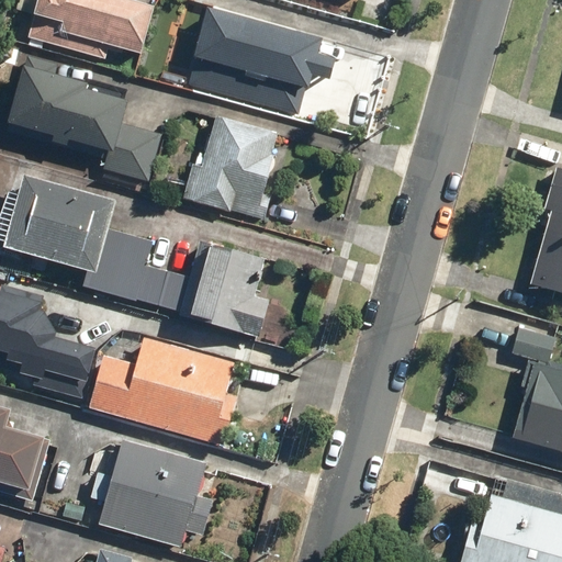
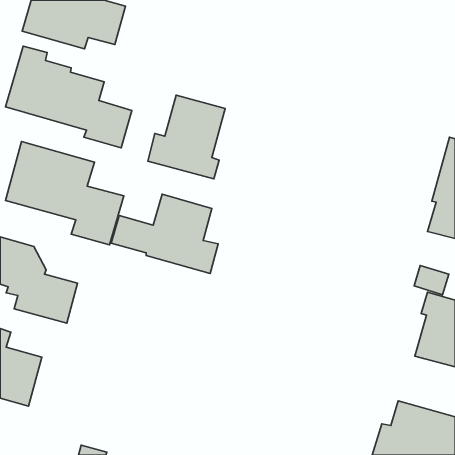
building: [190,8,334,115] -> none
building: [90,338,238,445] -> none
building: [100,439,215,547] -> none

